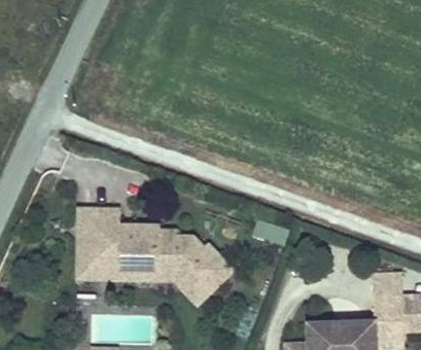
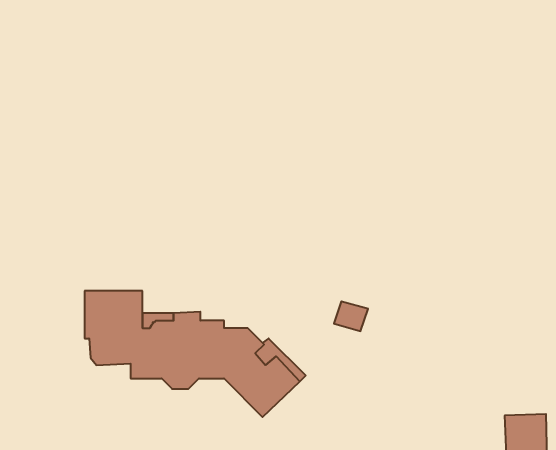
building: [74,241,135,276] -> none

